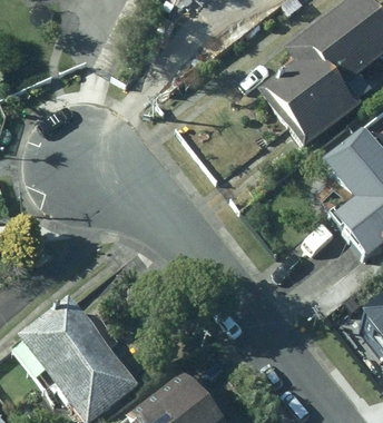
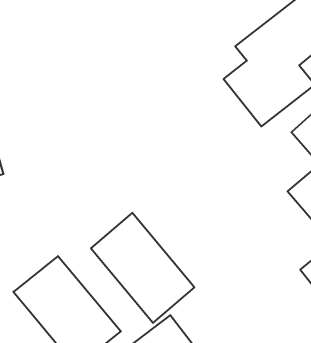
building: none -> [91,213,194,323]

